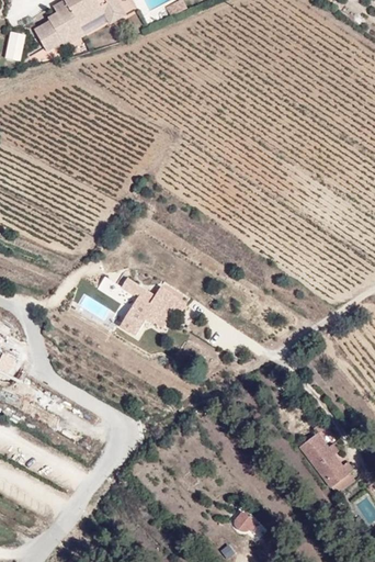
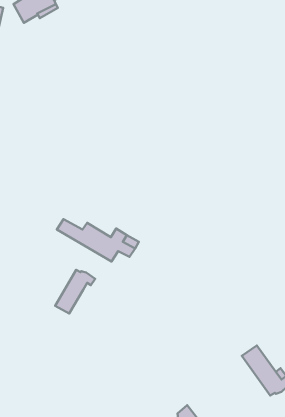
building: none -> [55,270,95,314]

